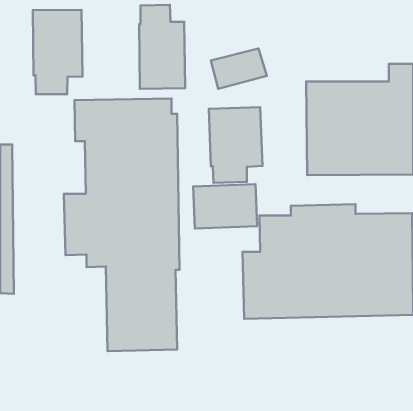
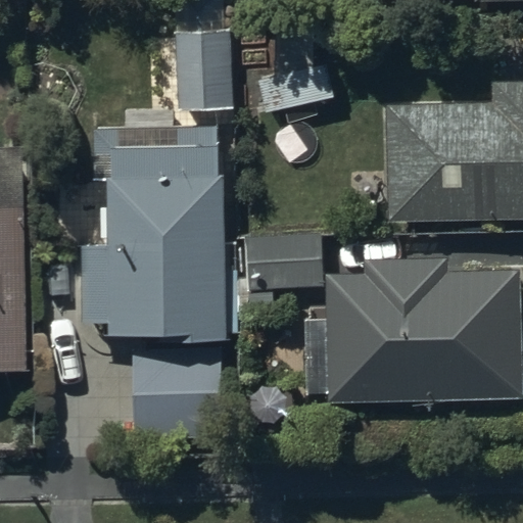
building: [33,10,82,94] -> none
building: [209,107,262,183] -> none

